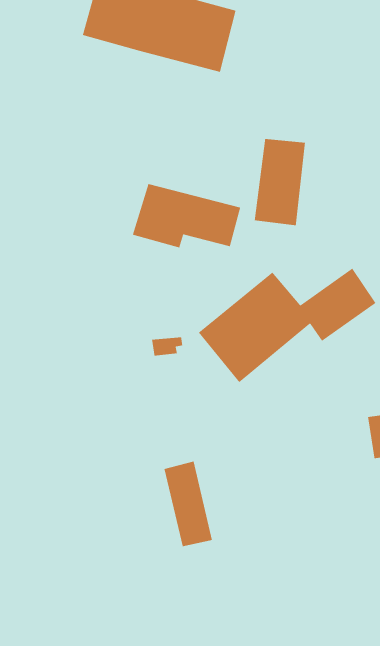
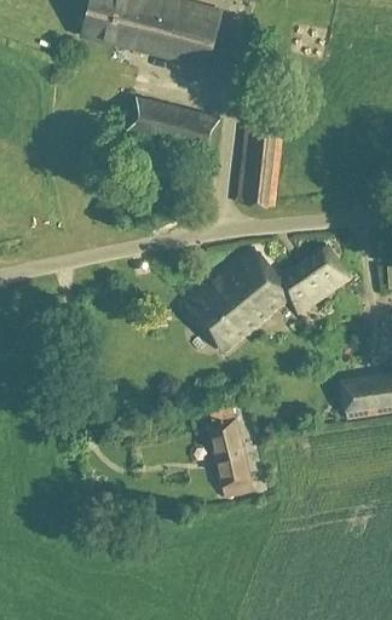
building: [132,183,241,248] -> [122,96,221,155]
building: [164,461,213,547] -> [209,418,254,496]

